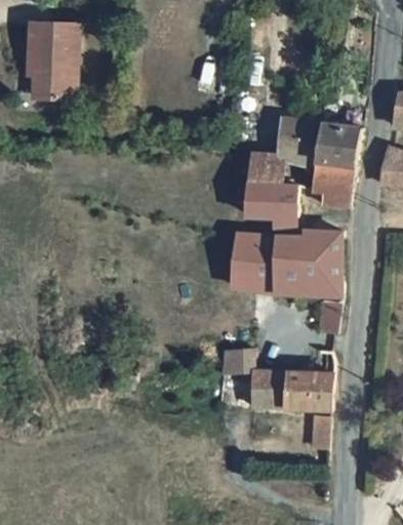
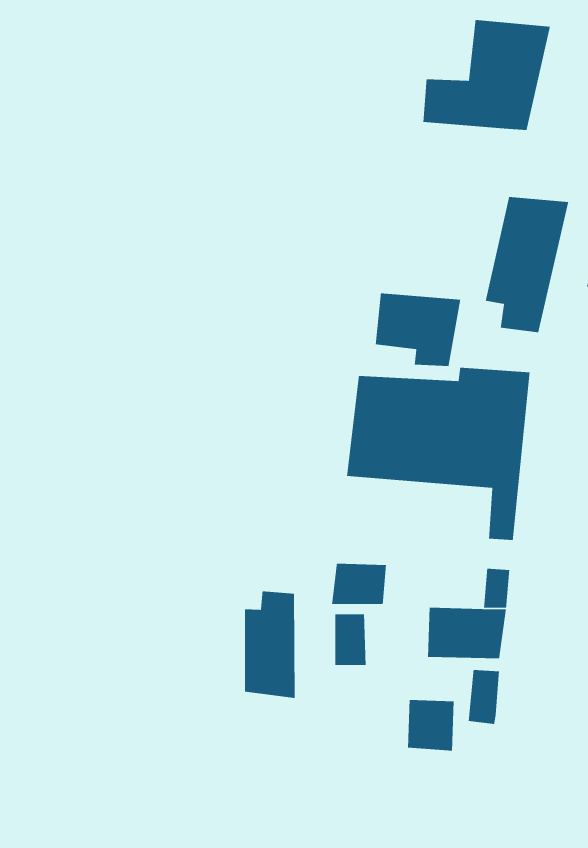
building: [32,15,83,91] -> none
building: [252,124,330,192] -> [422,19,551,131]
building: none -> [244,590,295,699]
building: [253,376,282,408] -> [407,699,455,751]

